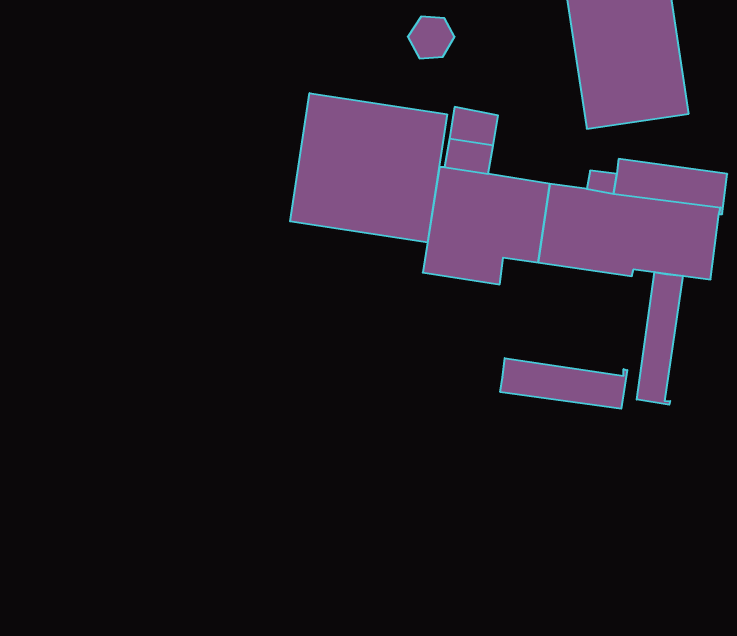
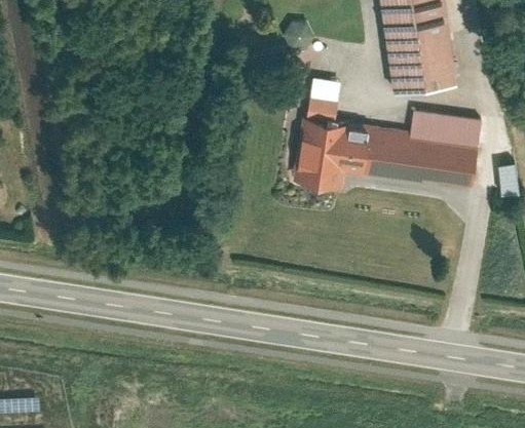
building: [290,93,447,242] -> none
building: [637,272,683,405] -> none
building: [500,358,627,409] -> none

